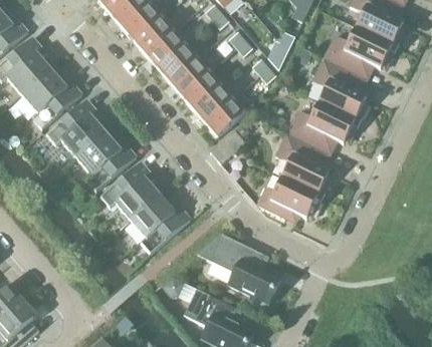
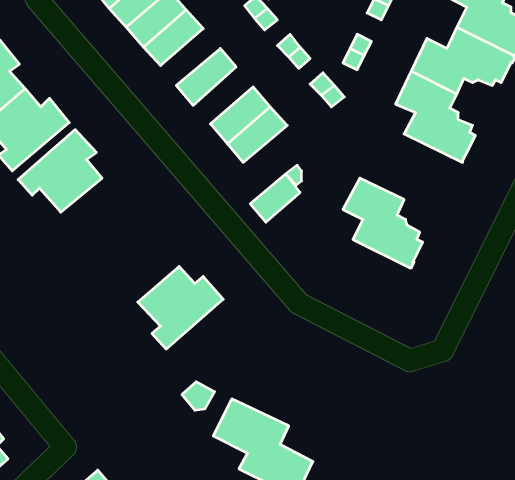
building: [146,27,188,67] -> none
building: [169,54,211,94] -> none
building: [204,95,247,136] -> none
building: [286,101,359,147] -> none
building: [75,132,136,191] -> none
building: [99,160,159,220] -> none
building: [257,176,321,218] -> none
building: [196,233,280,305] -> none

